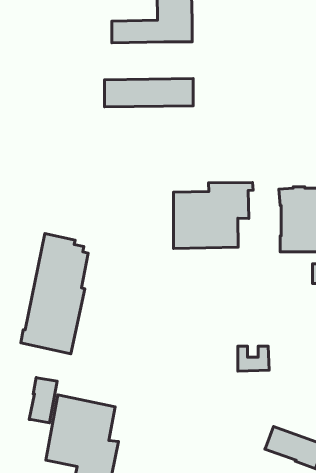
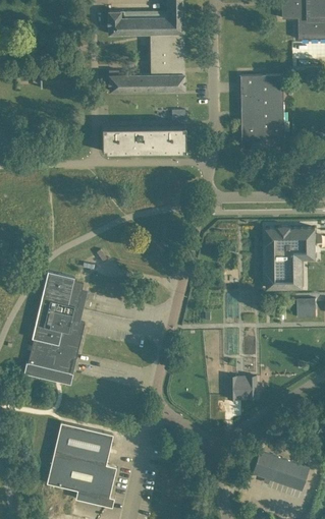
building: none -> [240,75,284,150]
building: [173,183,253,248] -> none
building: [29,377,57,423] -> none

